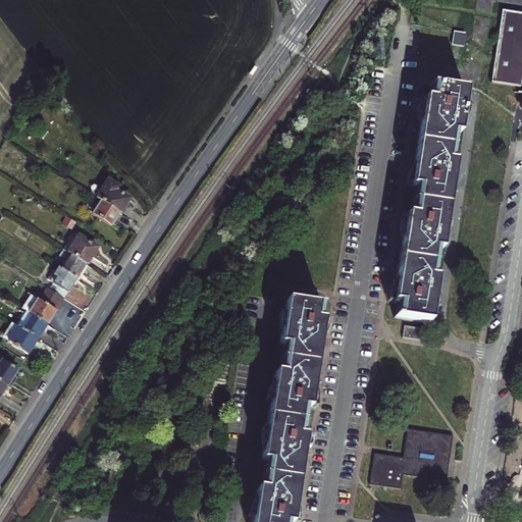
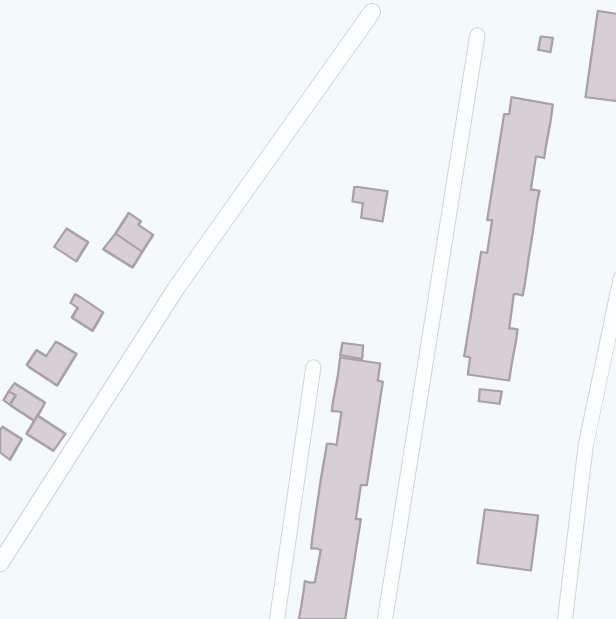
building: none -> [352,187,388,222]
building: [72,234,101,262] -> [54,229,88,261]
building: [53,265,82,297] -> none
building: [19,308,52,337] -> [27,415,66,451]
building: [374,453,407,487] -> none

